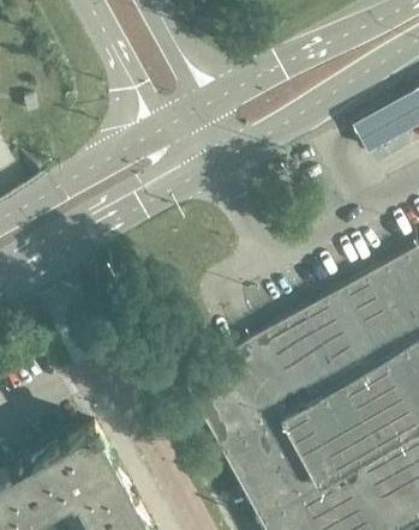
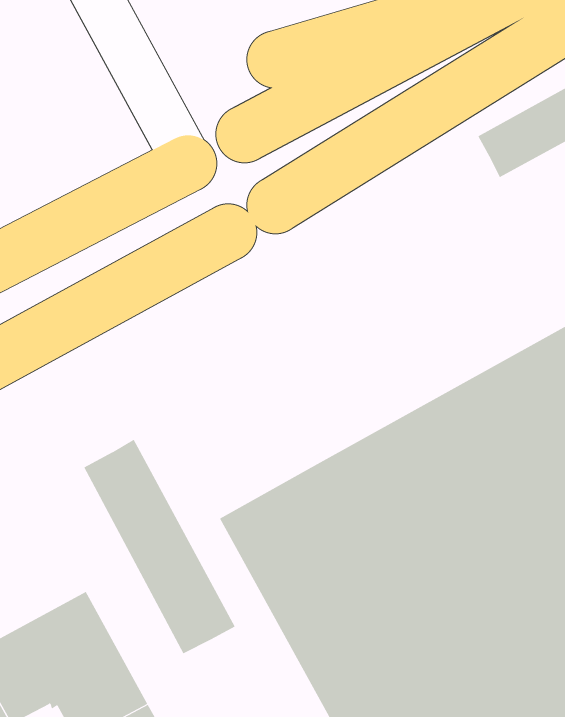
building: none -> [83,439,236,654]

